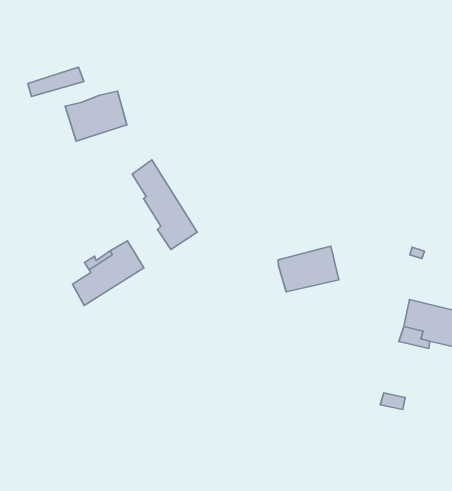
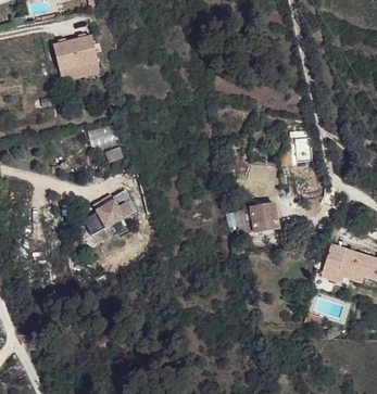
building: [65,91,127,141] -> [53,35,98,69]
building: [132,160,197,249] -> none

